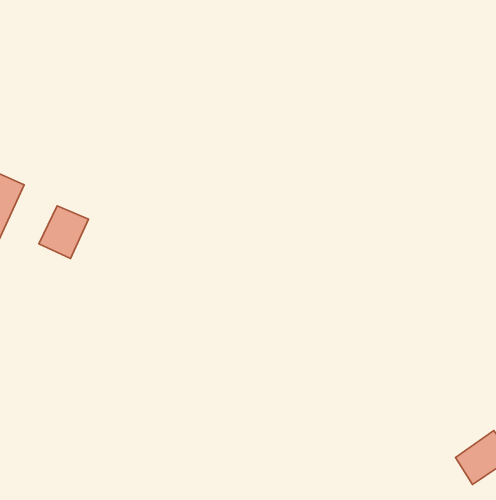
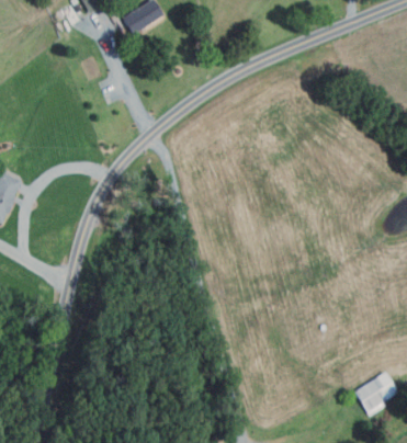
building: [39,206,88,258] -> none

